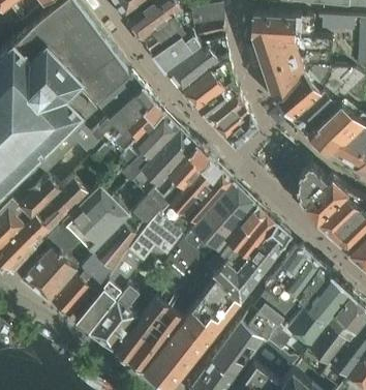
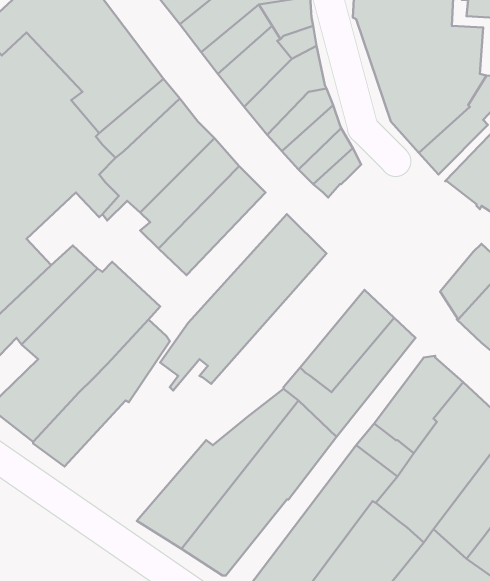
building: [121,144,208,234] -> none
building: [296,164,325,206] -> none
building: [160,182,256,284] -> none
building: [74,250,140,330] -> none
building: [90,290,139,348] -> none

